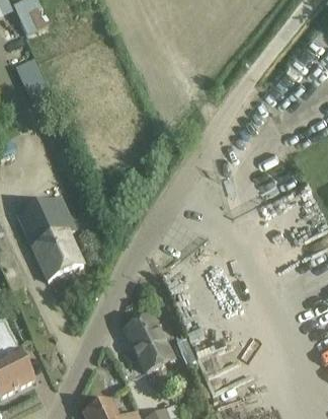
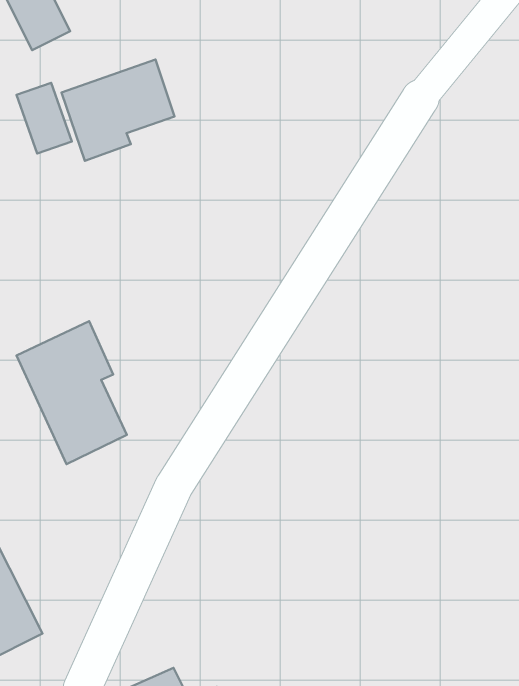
building: none -> [62,59,175,161]
building: [125,315,171,370] -> none

